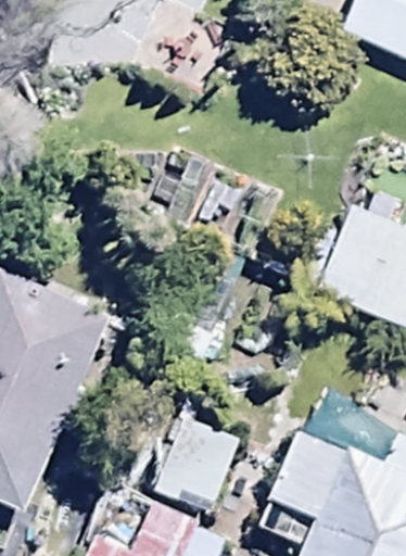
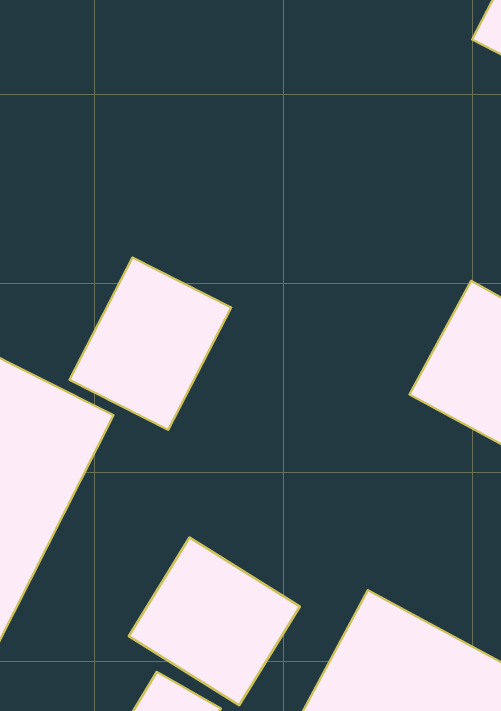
building: none -> [70,257,231,430]

